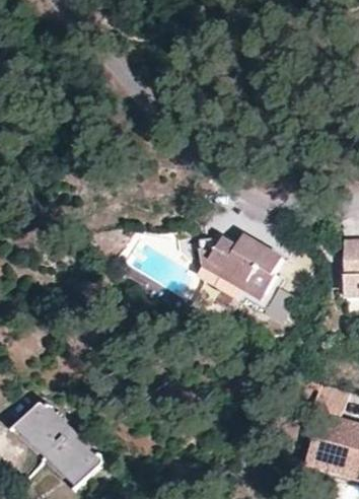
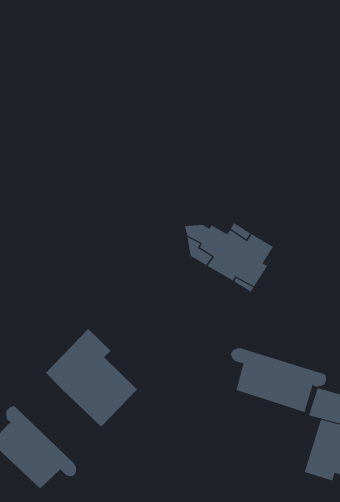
building: none -> [45,328,138,428]
building: none -> [230,347,327,413]

